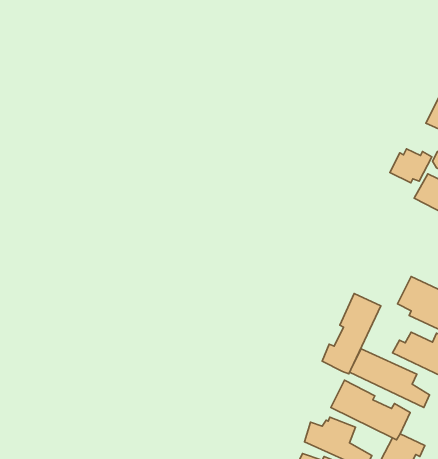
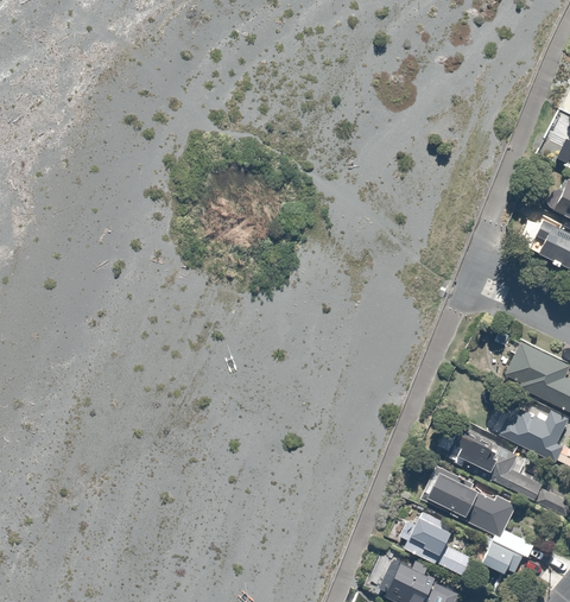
building: [390,149,432,183] -> none
building: [322,293,381,374] -> none

